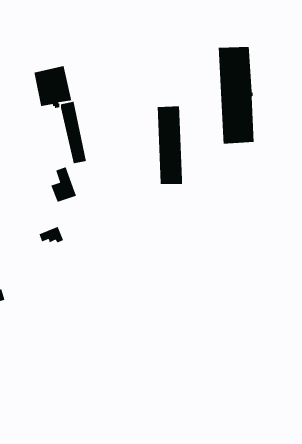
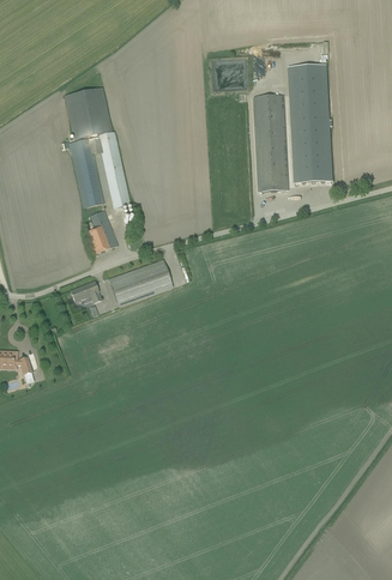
building: [157,106,183,185] -> [255,93,287,189]
building: none -> [71,137,104,206]
building: none -> [108,259,173,306]

